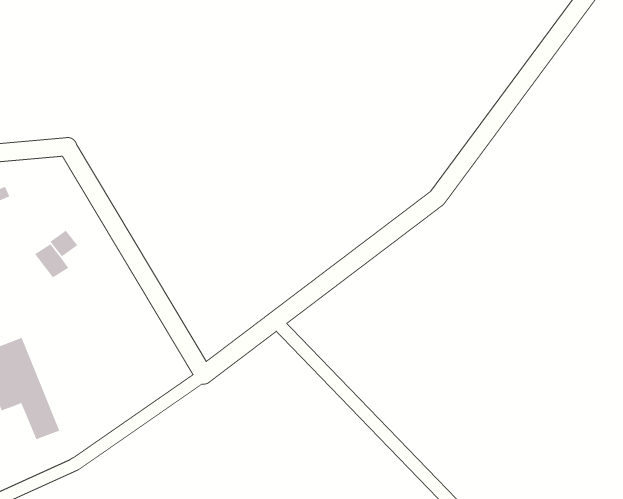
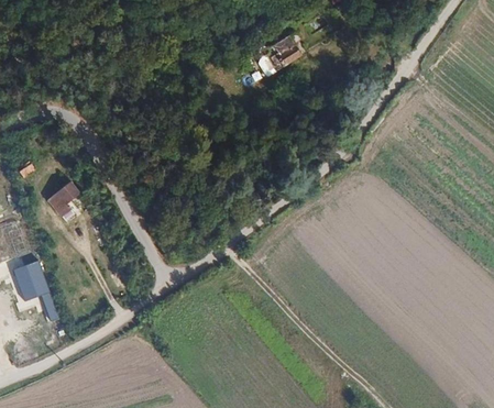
building: none -> [267,35,304,69]

